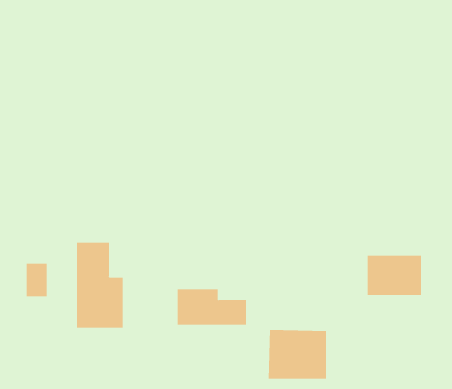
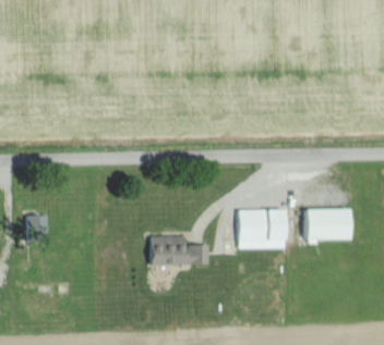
building: [76,242,123,329] -> none
building: [268,329,327,379] -> [237,208,285,248]

